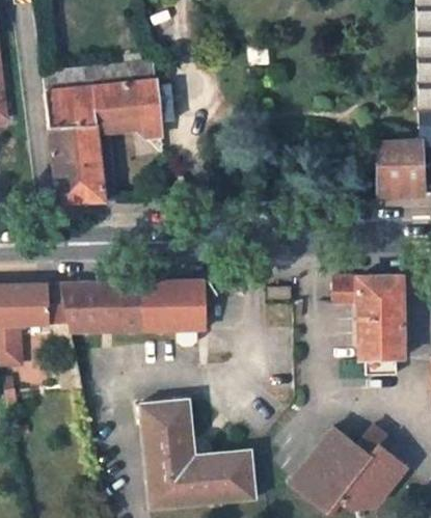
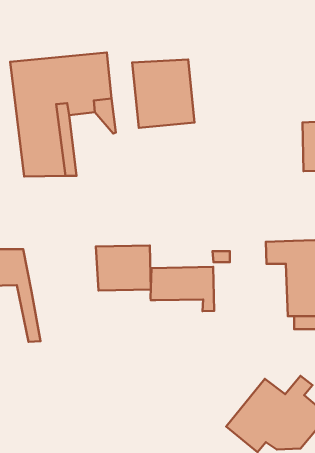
building: none -> [132,59,195,128]
building: [60,280,145,331] -> none
building: none -> [151,267,214,311]
building: [140,398,257,509] -> none

